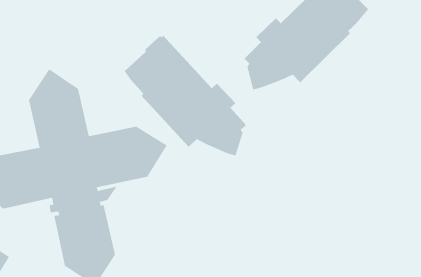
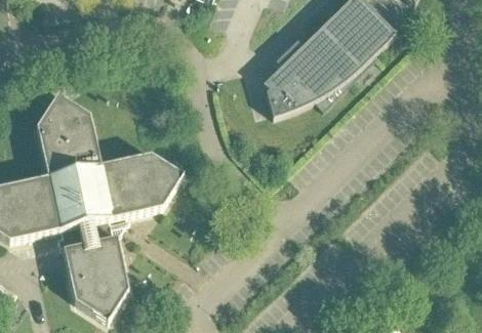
building: [123,35,247,156] -> none

